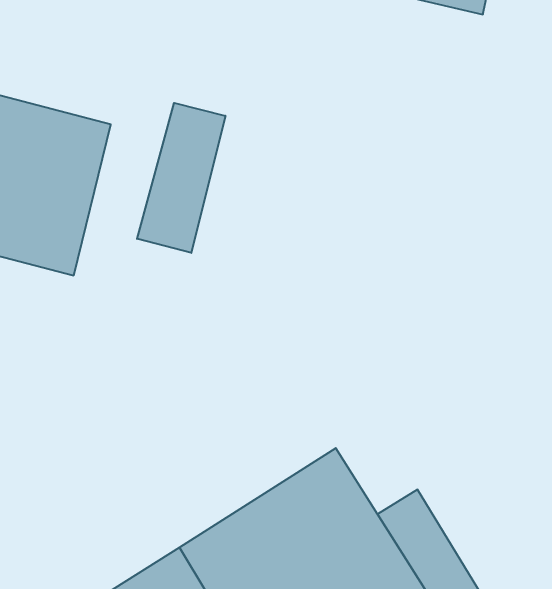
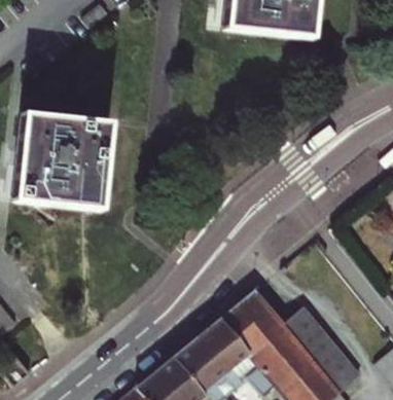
building: [137,103,225,253] -> none

